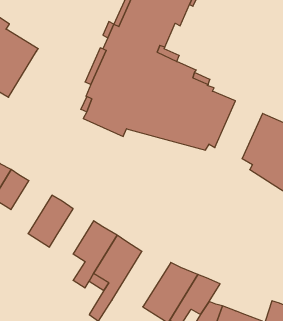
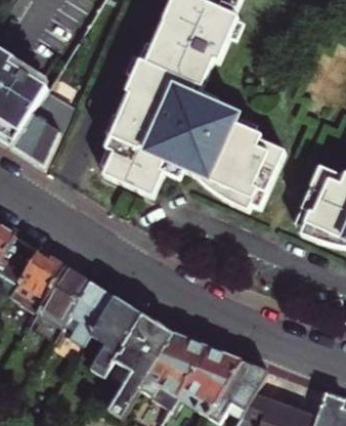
building: none -> [13,91,74,168]
building: none -> [9,247,66,310]
building: none -> [71,281,116,344]
building: none -> [138,332,209,409]

